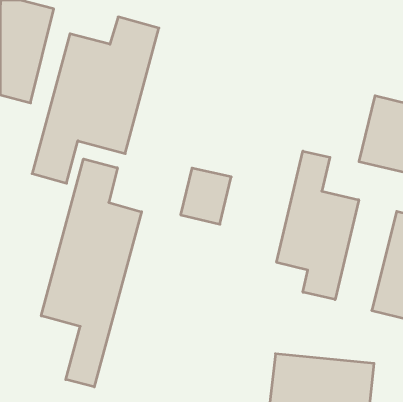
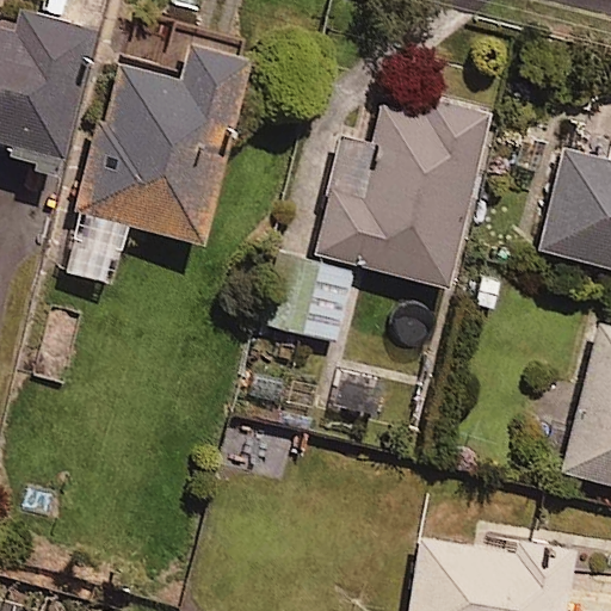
building: none -> [316,93,487,285]
building: [277,151,359,300] -> none
building: [41,159,142,387] -> none

